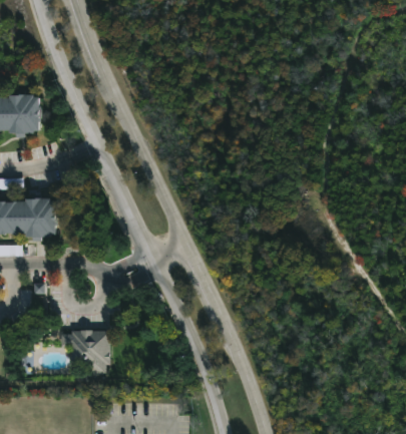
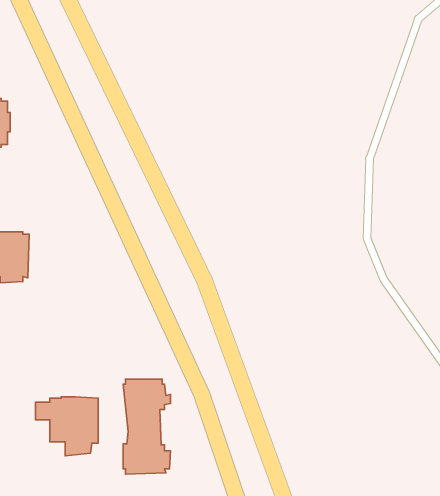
building: none -> [123,379,171,474]

